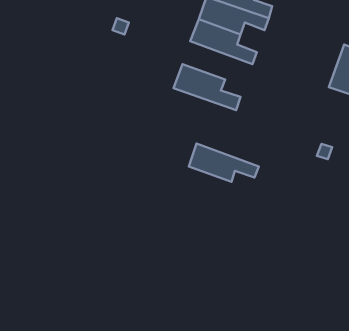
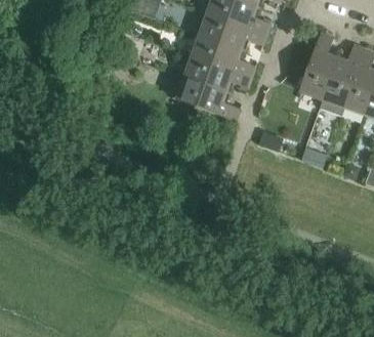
building: none -> [300,33,337,98]
building: [189,144,259,182] -> [185,55,251,91]

